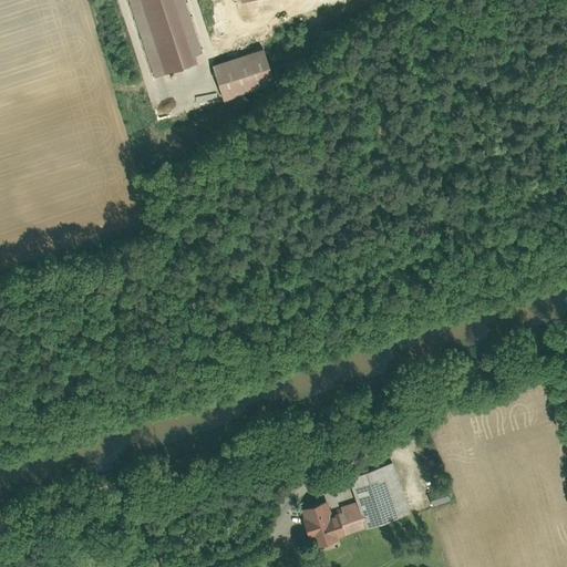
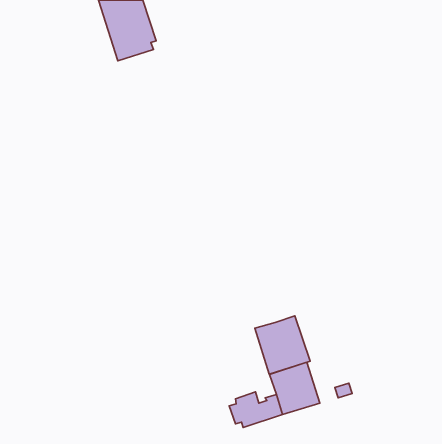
building: [210,49,276,103] -> none
building: none -> [255,316,310,374]

